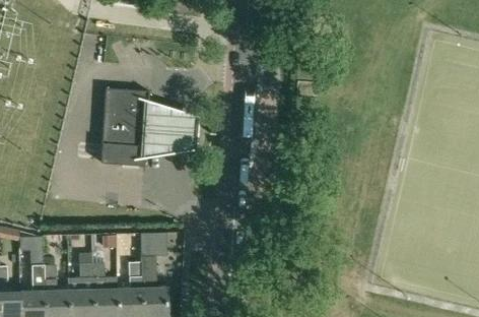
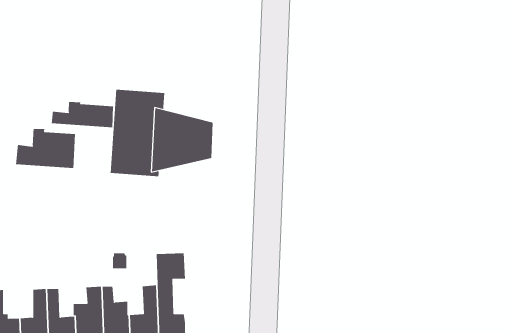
building: none -> [51,101,113,128]
building: none -> [16,128,75,169]

